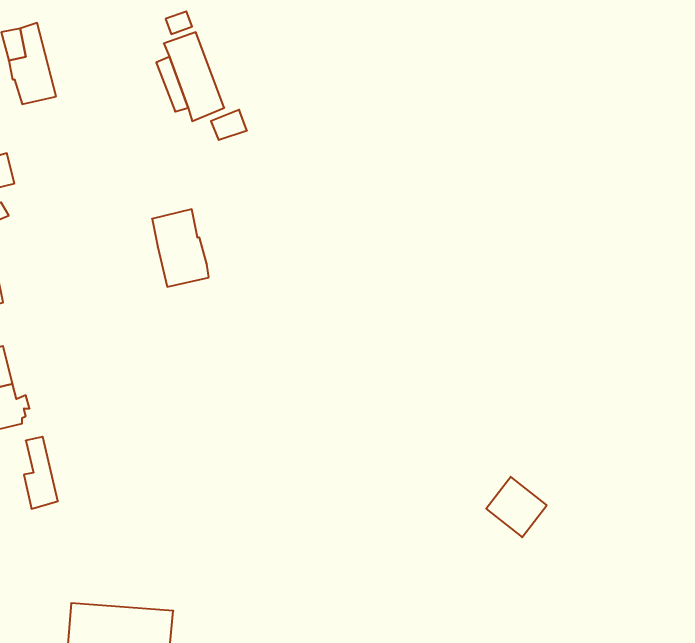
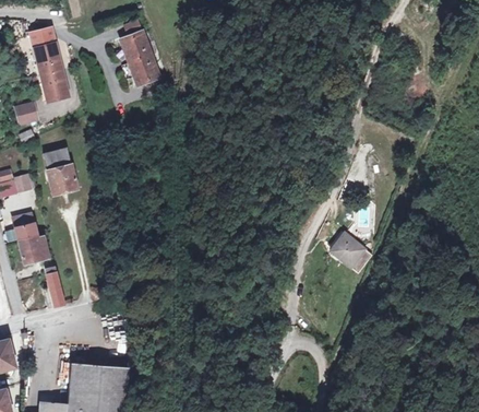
building: none -> [43,70,69,101]
building: [152,209,209,287] -> [44,149,76,193]
building: [486,477,547,537] -> [331,233,366,268]

